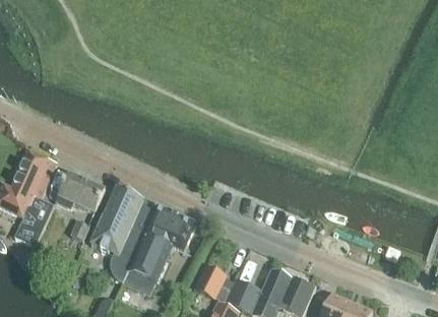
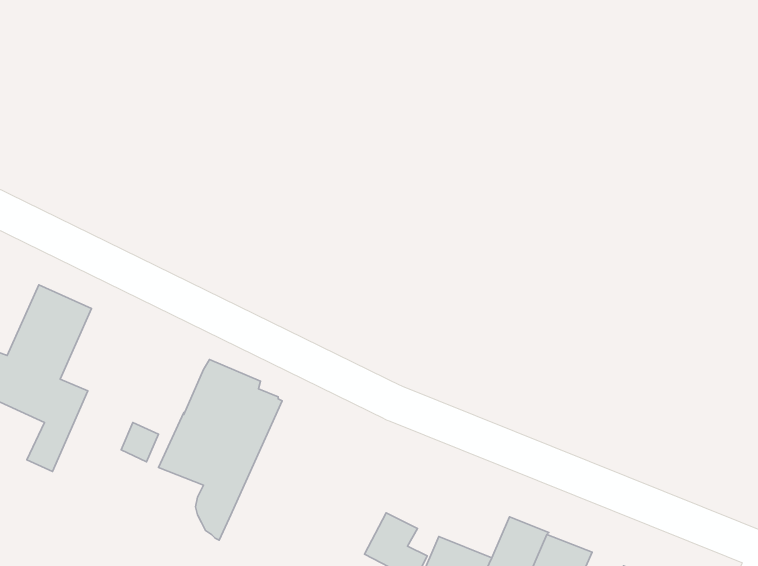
building: [55,173,105,211] -> none
building: [127,205,196,282] -> none

